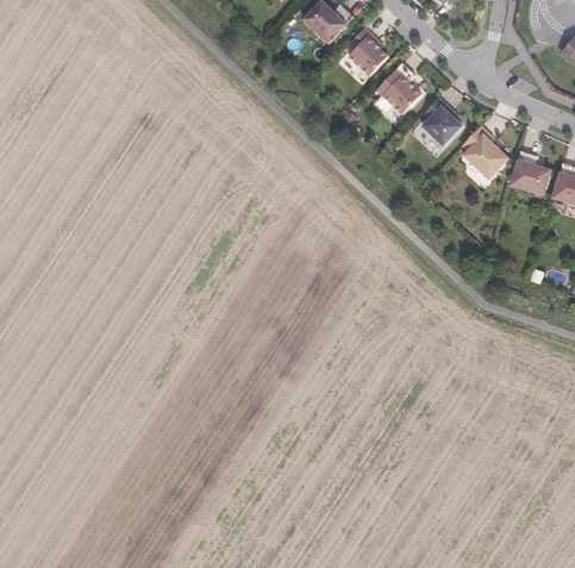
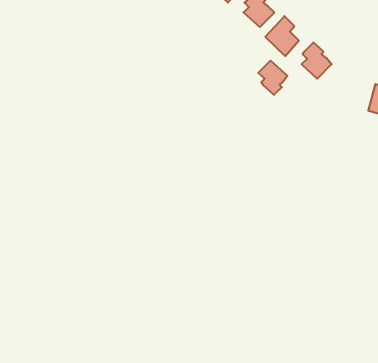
building: none -> [258,61,287,95]
building: [461,125,507,179] -> none

